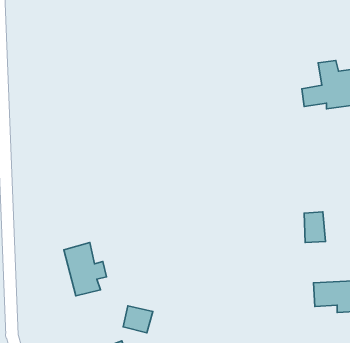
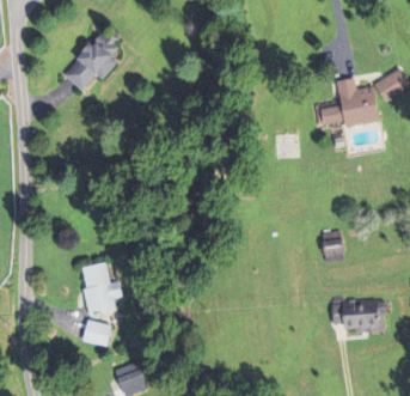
building: none -> [62,33,118,91]
building: [123,306,153,333] -> [82,319,112,347]

